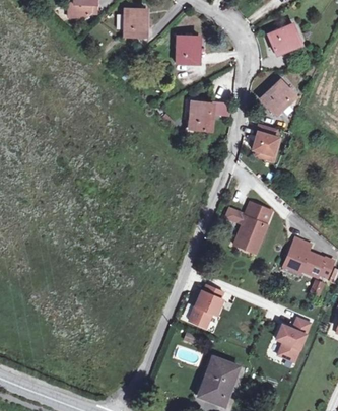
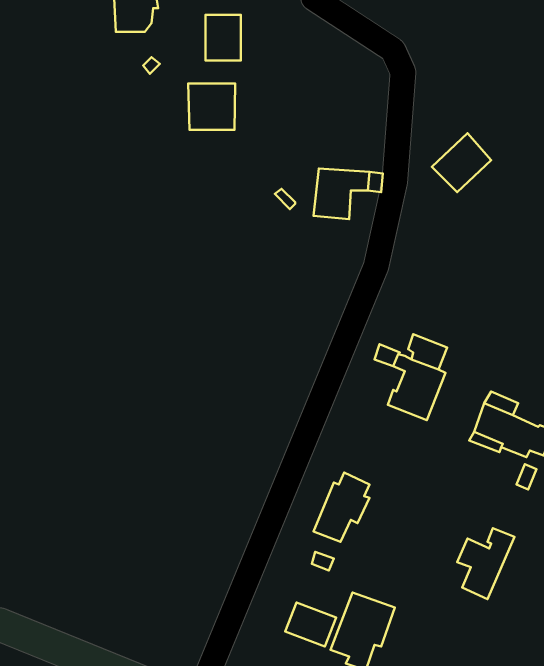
building: [268,24,301,55] -> none
building: [177,37,199,65] -> none
building: none -> [188,83,235,130]
building: [253,124,280,157] -> none
building: none -> [285,602,336,647]

